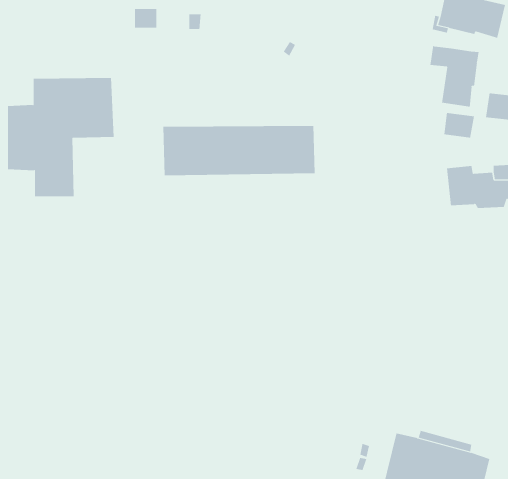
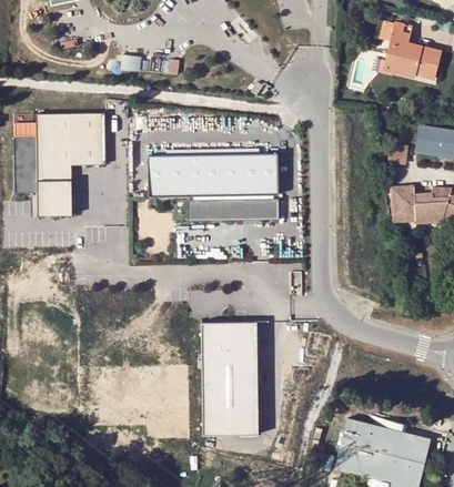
building: [430,45,479,107] -> none
building: none -> [188,197,279,220]
building: none -> [200,321,259,435]

